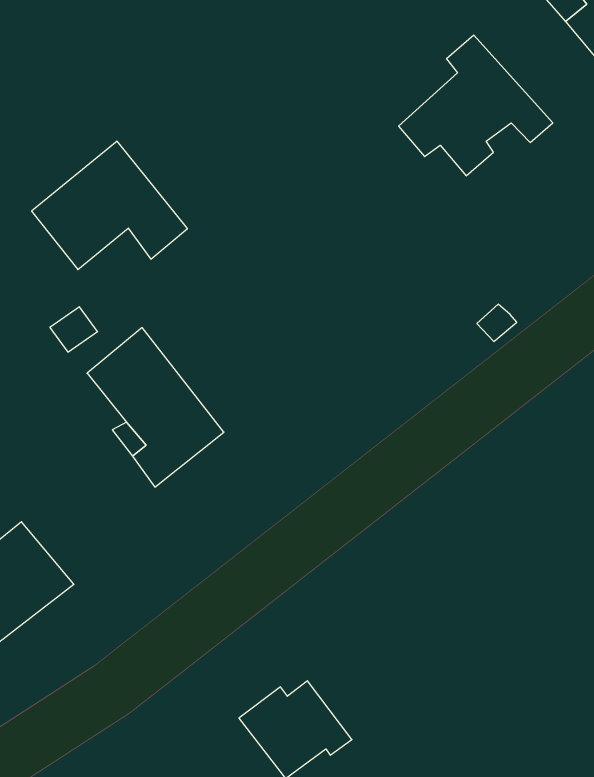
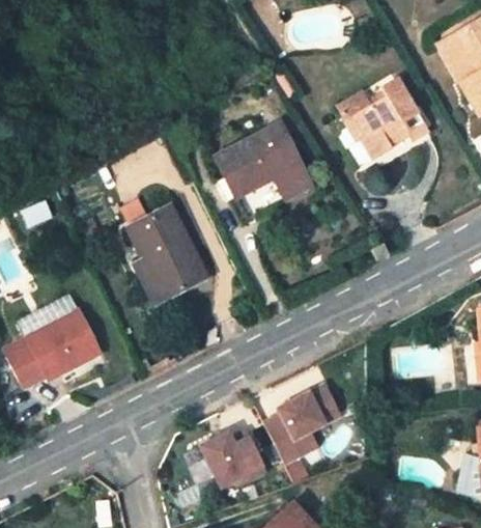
building: [32,141,187,270] -> [221,123,312,197]
building: none -> [257,390,332,469]

